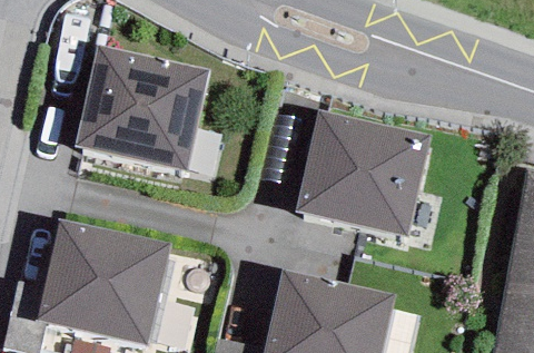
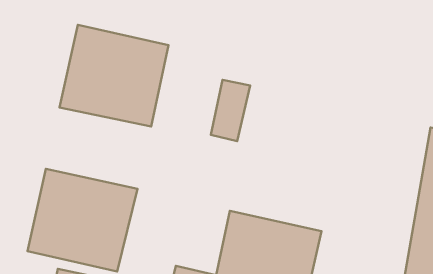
building: [296,110,429,236] -> none

